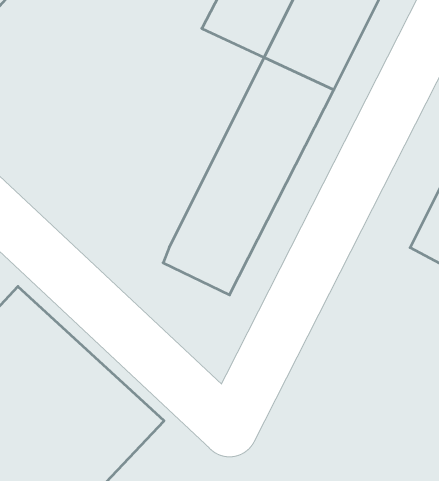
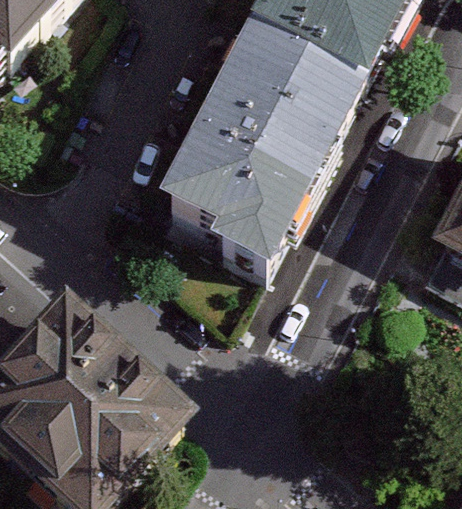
building: none -> [135,58,286,261]

